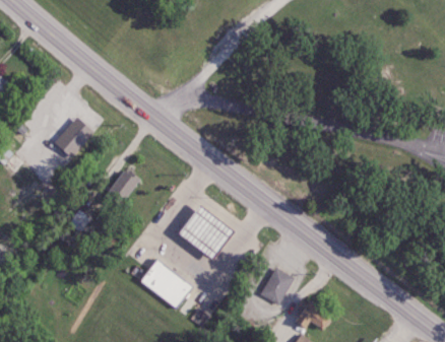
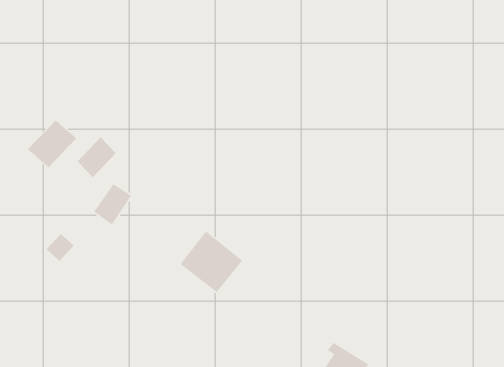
building: none -> [77,137,117,178]
building: [136,259,187,306] -> none
building: [261,267,295,303] -> none

